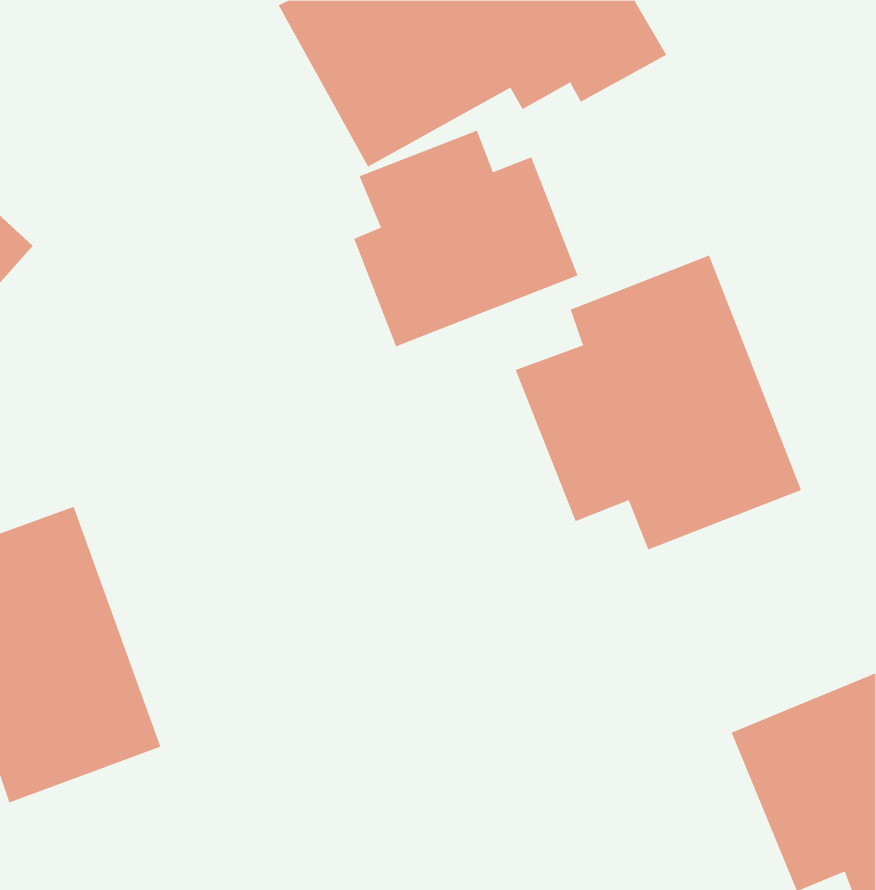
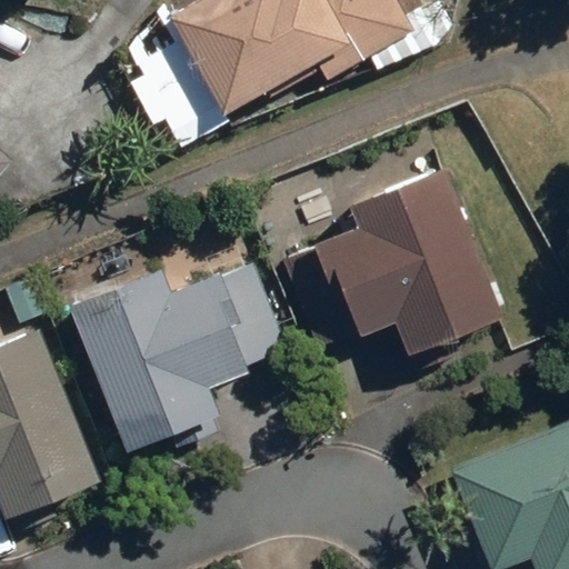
building: [354,130,578,347] -> none
building: none -> [78,271,273,443]

